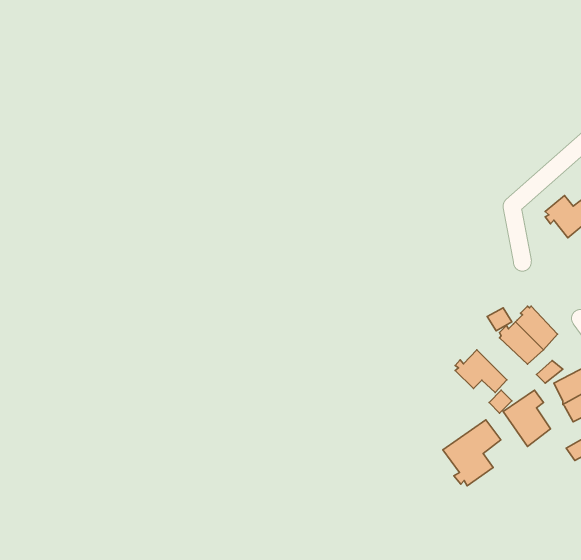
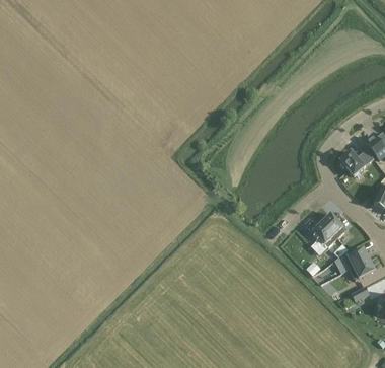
building: [455,350,507,393] -> none
building: [443,420,501,486] -> none

